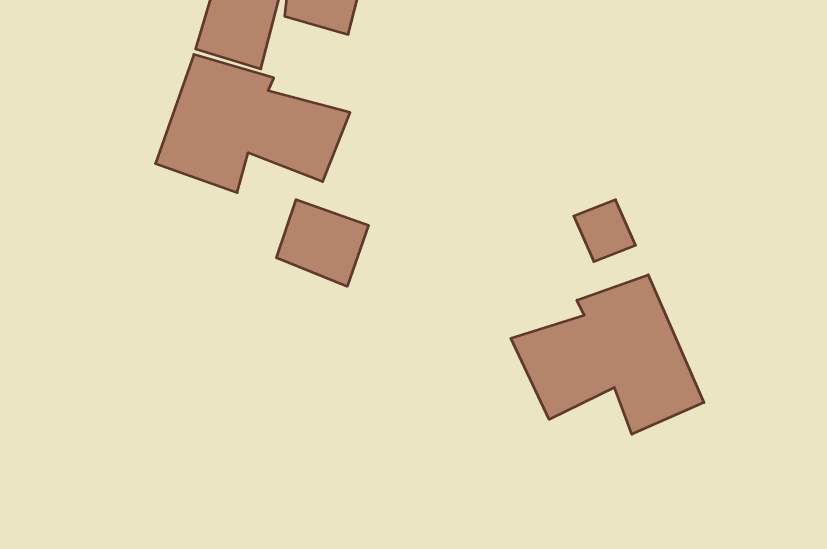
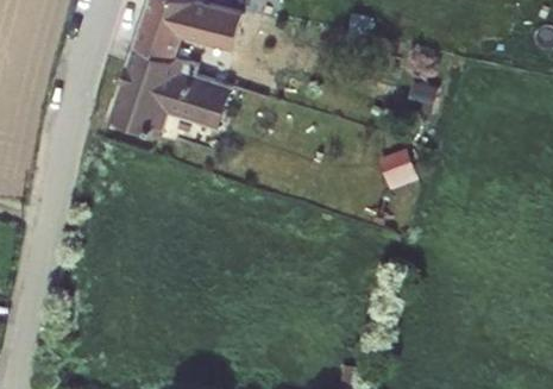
building: [277,200,368,286] -> none
building: [511,275,704,434] -> none

